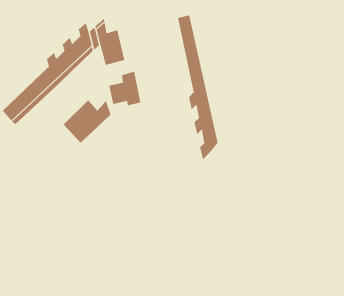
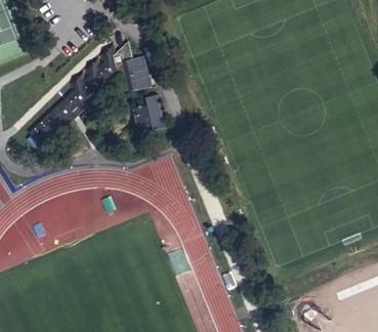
building: [177,15,218,160] -> none
building: [63,100,111,143] -> none

